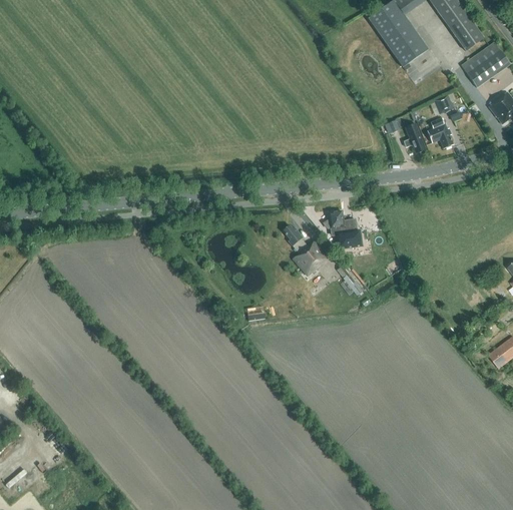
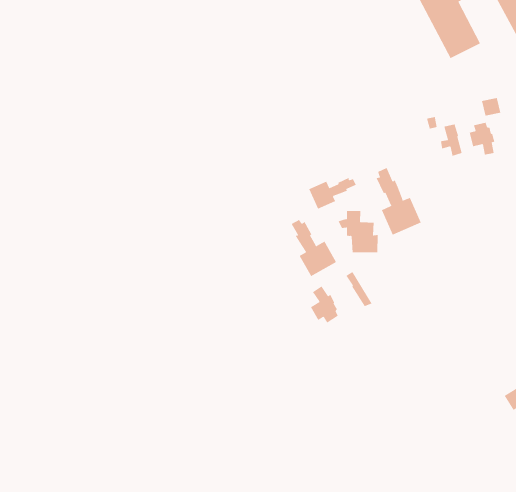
building: none -> [376,167,422,236]
building: none -> [309,177,356,210]
building: none -> [310,286,339,323]

